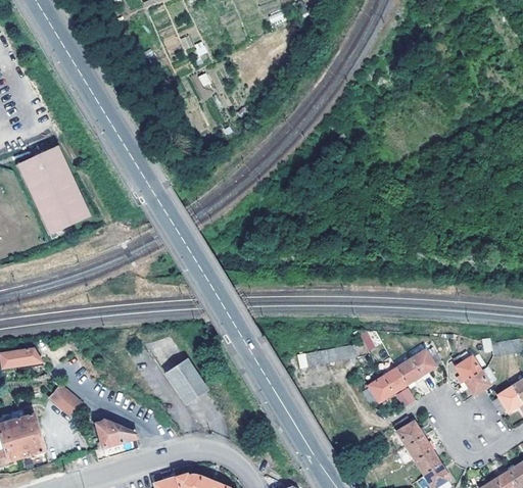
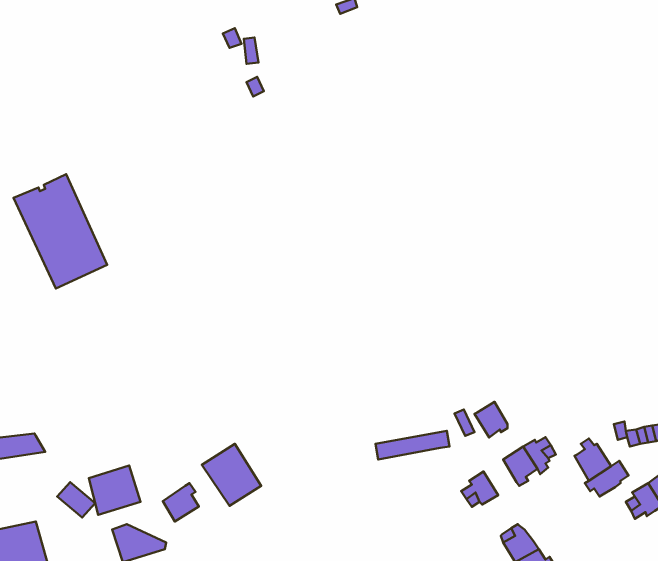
building: [382,368,408,395] -> [475,402,508,437]
building: none -> [89,466,141,515]
building: none -> [163,483,199,521]

